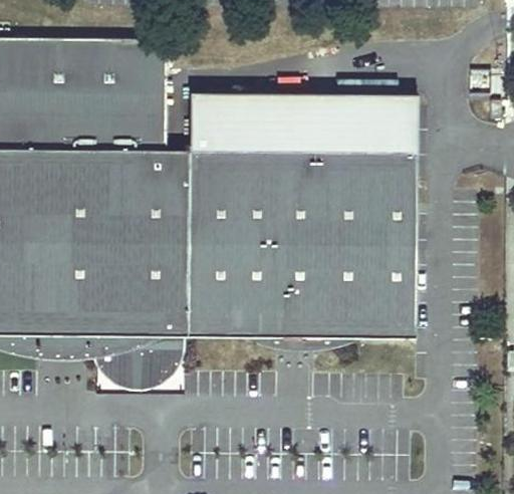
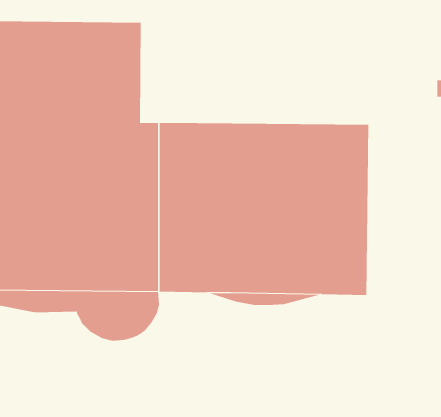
building: [189,94,416,152] -> none

